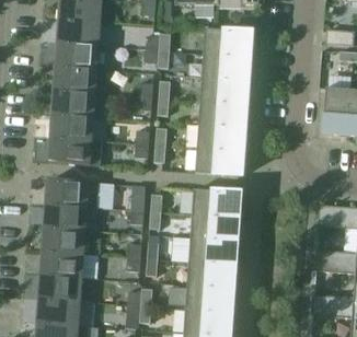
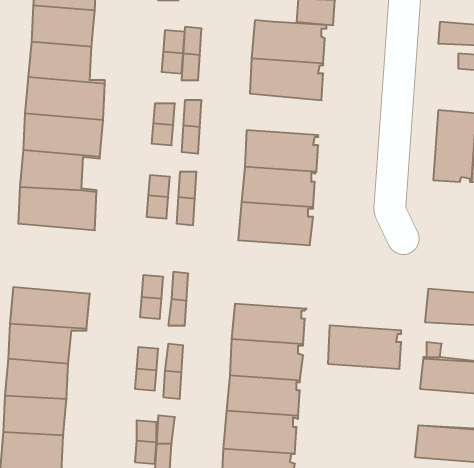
building: [199,75,249,103] -> none
building: [46,178,99,207] -> none
building: [192,188,240,217] -> [328,325,401,369]

